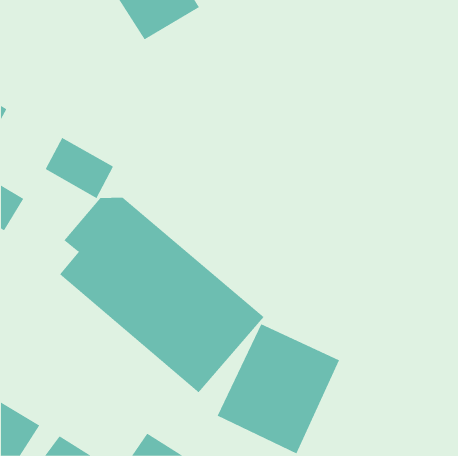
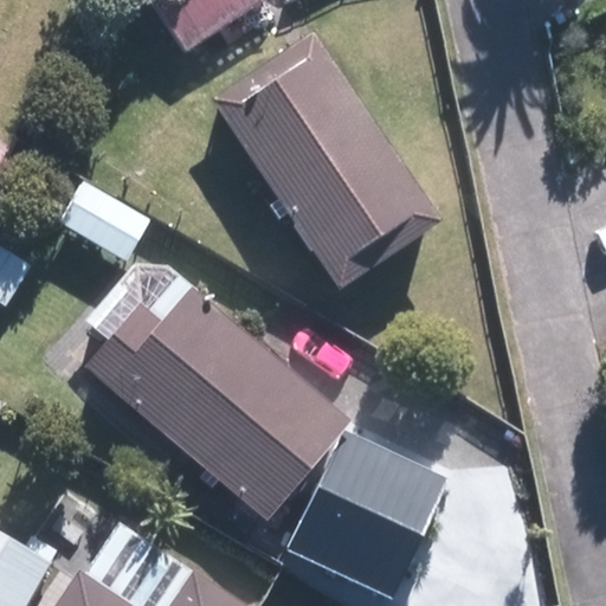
building: none -> [213,33,440,290]

